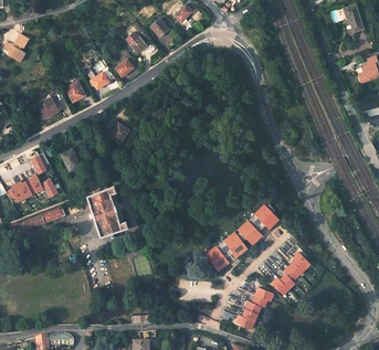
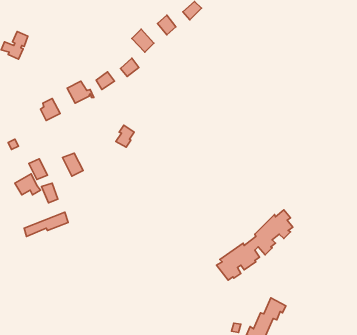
building: [87,185,127,236] -> none
building: [272,253,310,295] -> none

